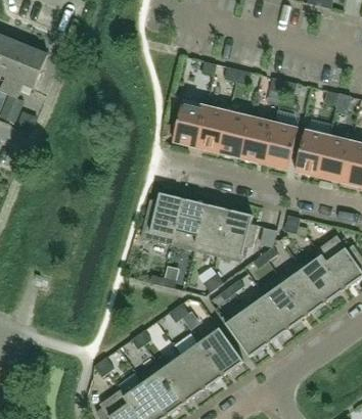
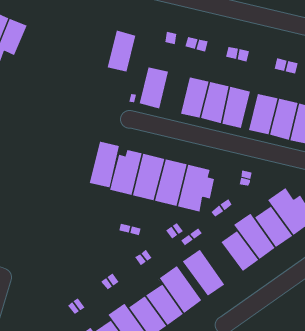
building: [196,104,229,151] -> [107,30,136,72]
building: none -> [89,141,120,188]
building: [241,294,288,341] -> none

